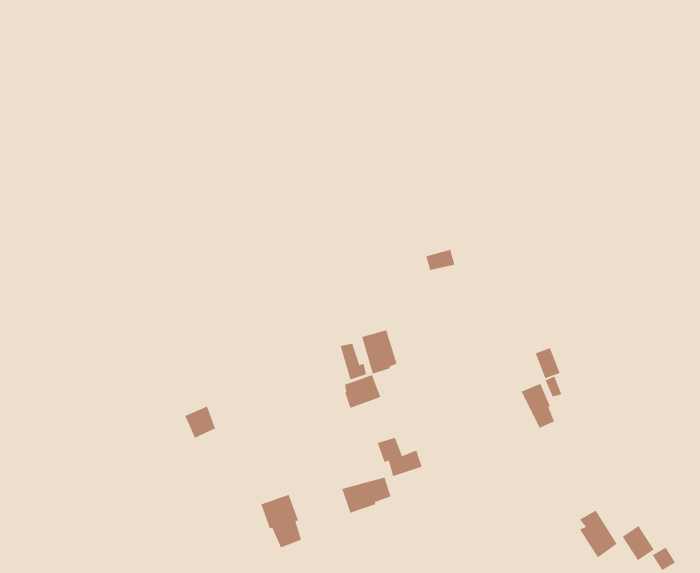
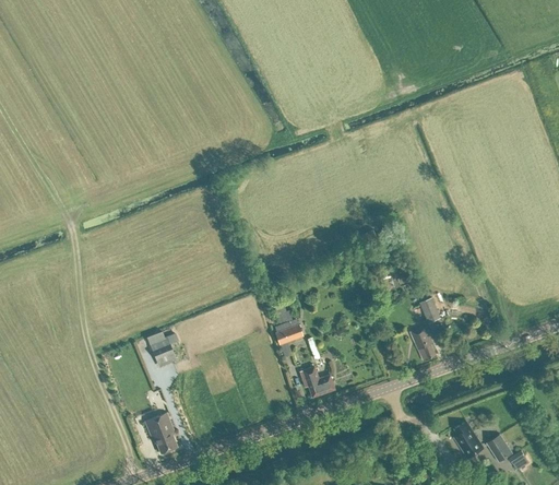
building: [362,329,397,374] -> none
building: [342,477,391,513] -> none
building: [261,494,302,548] -> [145,412,177,453]

